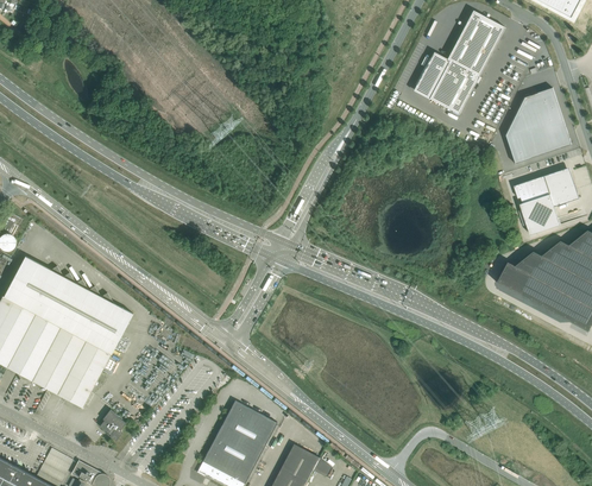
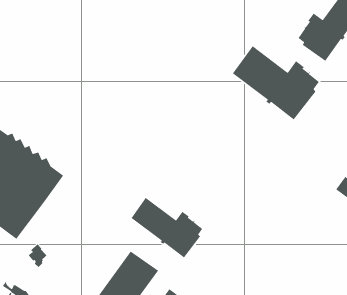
building: none -> [232,45,320,121]
building: none -> [130,197,203,258]

